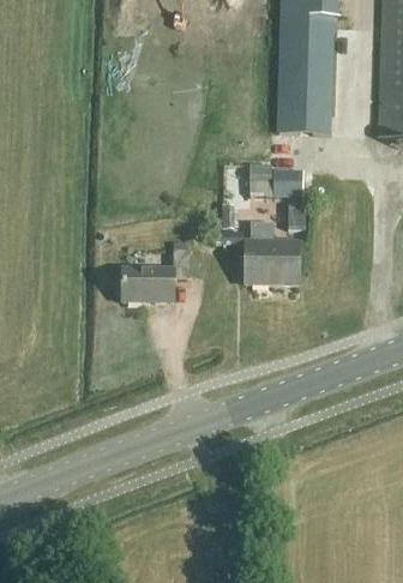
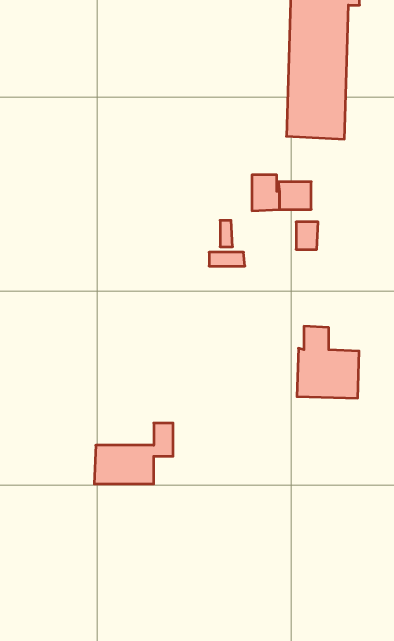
building: [245,221,299,283] -> [297,326,359,398]
building: [121,248,190,301] -> [94,423,173,484]

